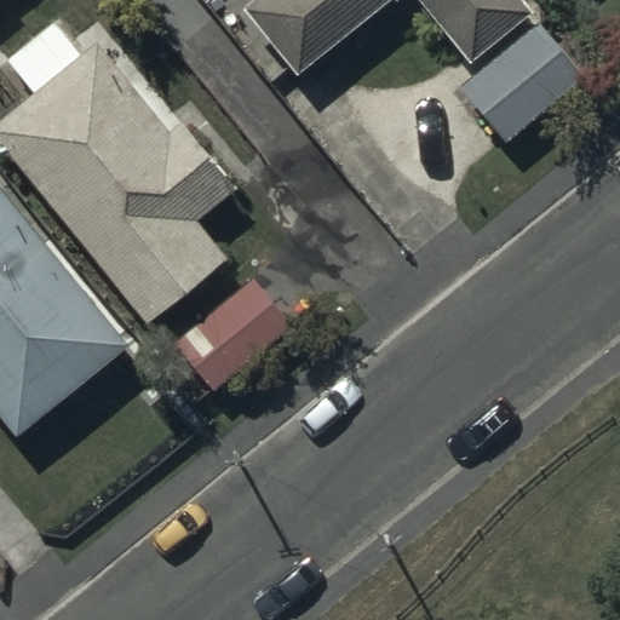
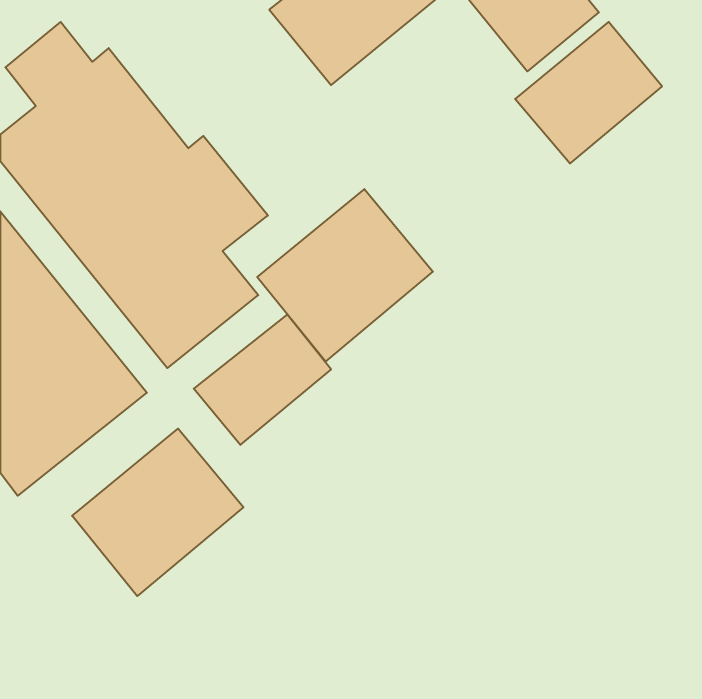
building: none -> [257,189,433,361]
building: none -> [72,429,243,596]

